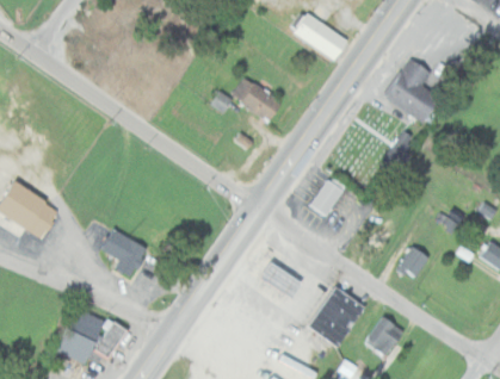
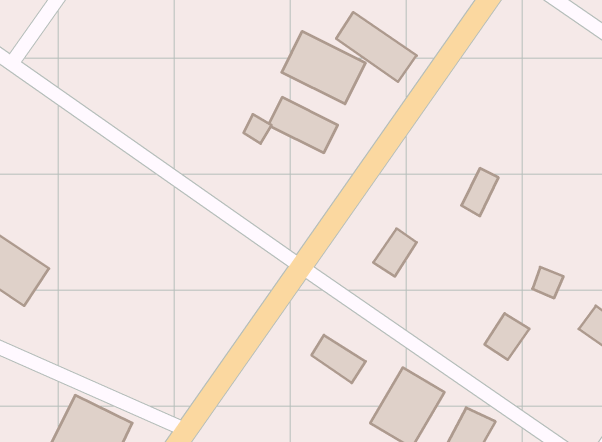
building: none -> [282,31,365,104]
building: [376,63,428,119] -> none
building: [103,230,148,277] -> none

